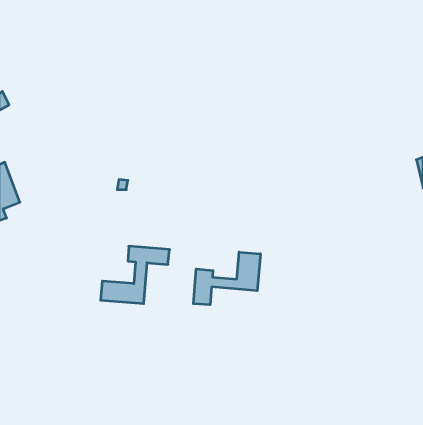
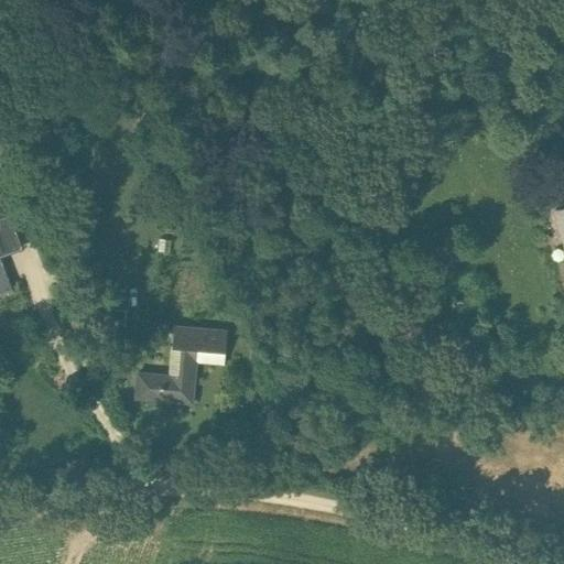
building: [193,252,260,305] -> none

